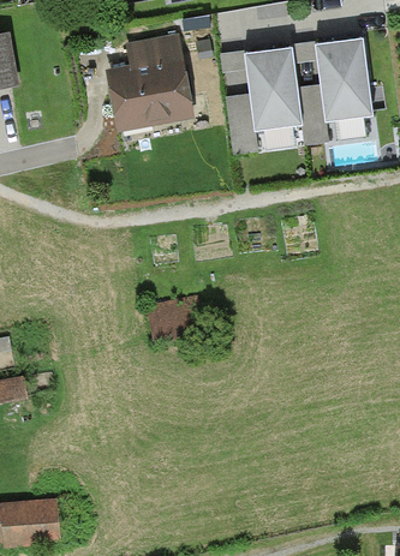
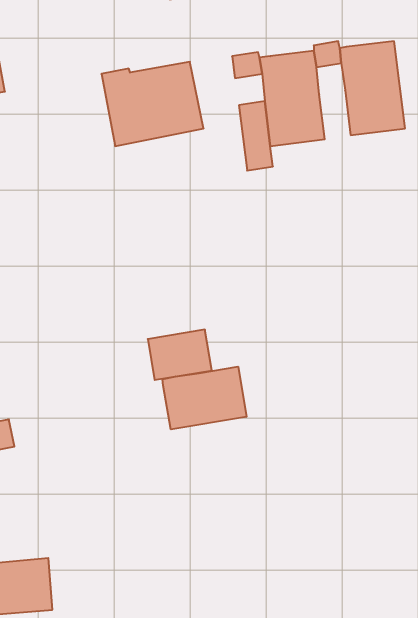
building: [124,30,183,67] -> none
building: [297,83,328,144] -> none
building: none -> [162,367,247,429]

